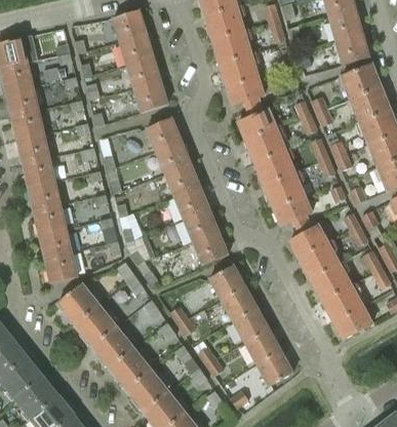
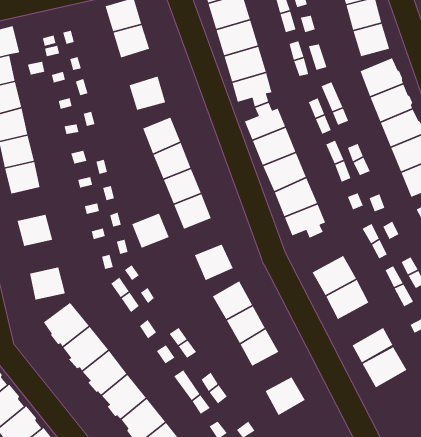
building: [126,56,160,88] -> none
building: [28,181,59,210] -> none
building: [183,208,217,241] -> [131,212,170,249]
building: [288,221,326,257] -> none
building: [39,228,71,258] -> none
building: [321,284,362,322] -> [362,346,407,389]
building: [244,328,280,363] -> none

